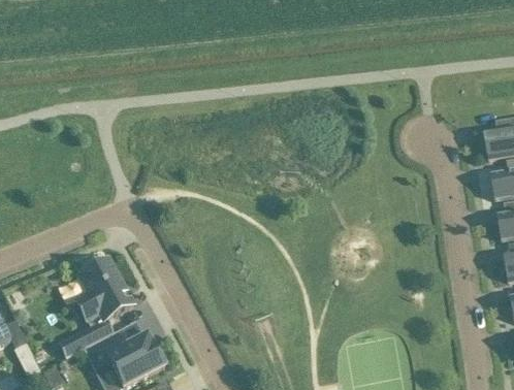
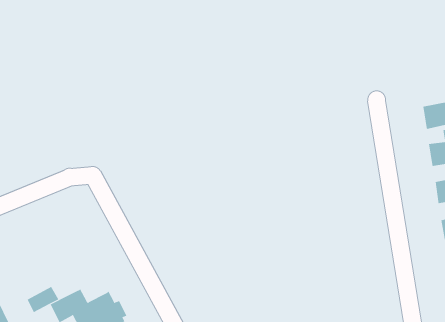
building: [75,258,131,318] -> none

